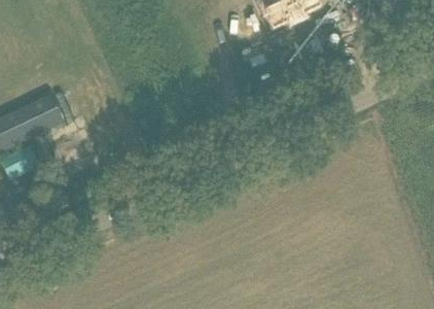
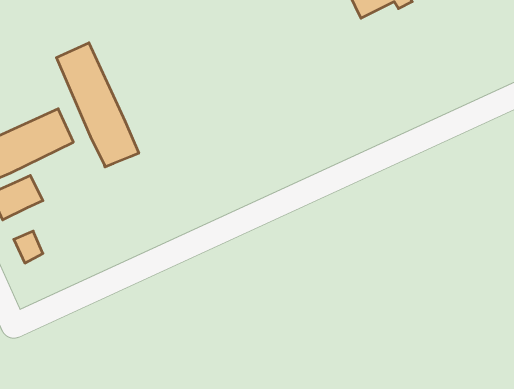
building: none -> [56,43,139,167]

